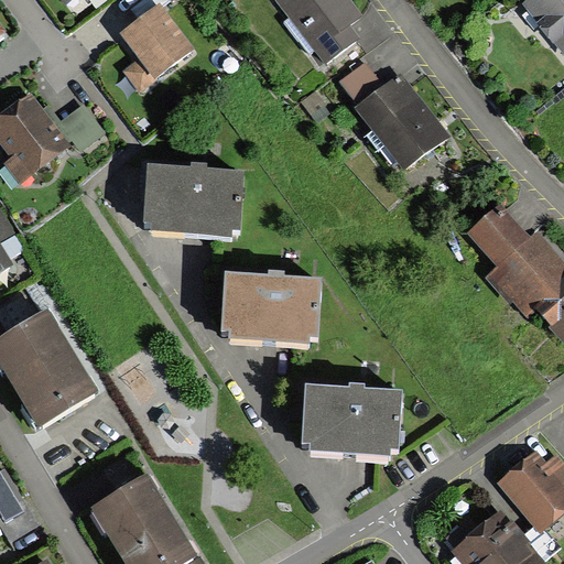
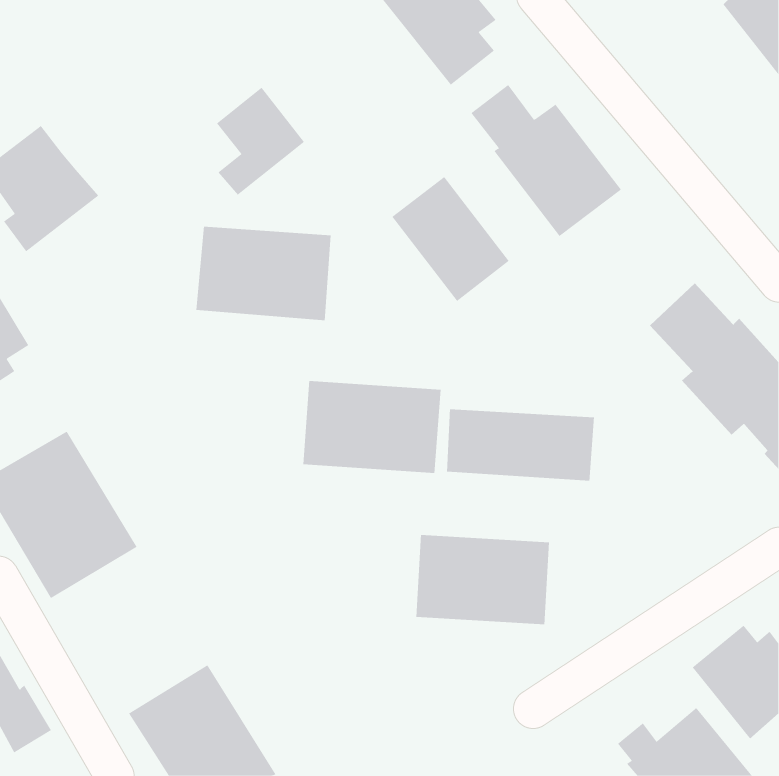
building: [122,10,186,88] -> [216,87,305,195]
building: [55,100,106,150] -> none
building: none -> [392,176,509,302]
building: none -> [446,408,595,482]

